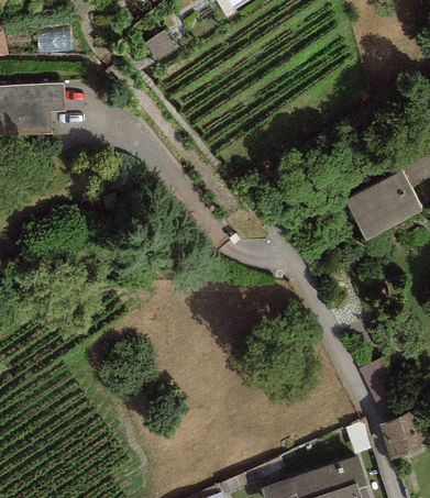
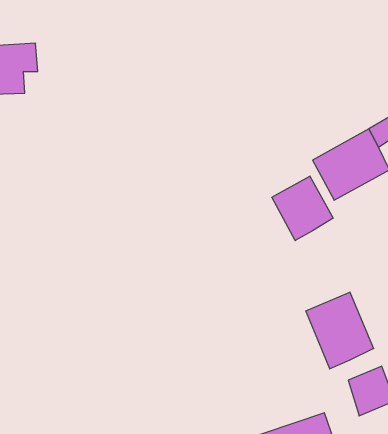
building: none -> [272,176,333,241]
building: none -> [306,292,374,369]

